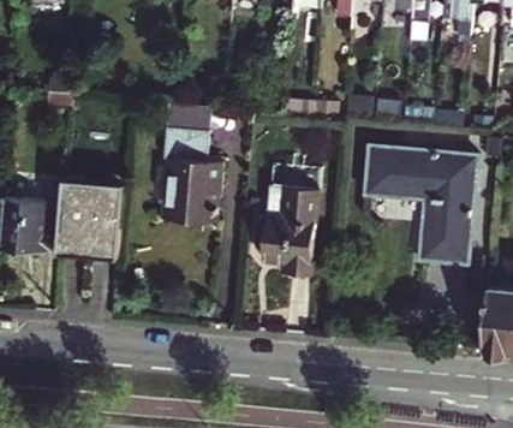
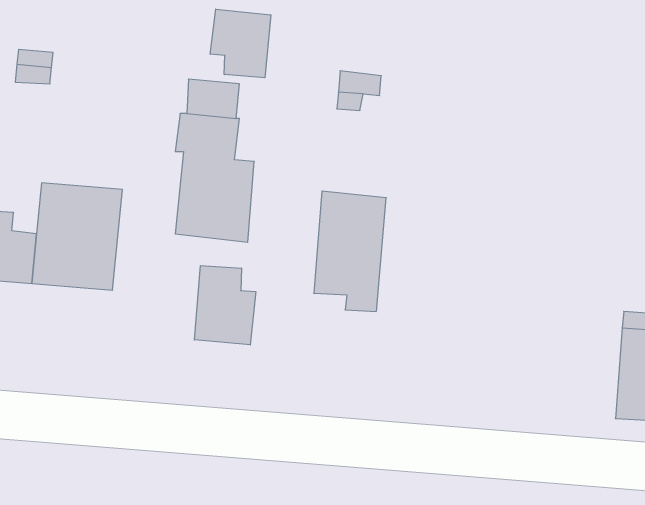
building: none -> [210,9,271,78]
building: [365,144,477,262] -> none
building: none -> [194,266,256,345]

